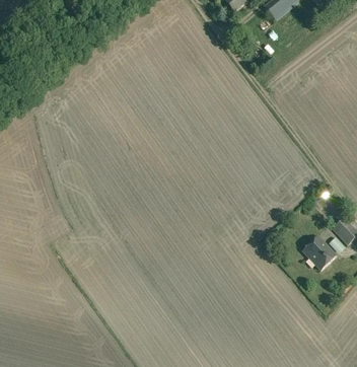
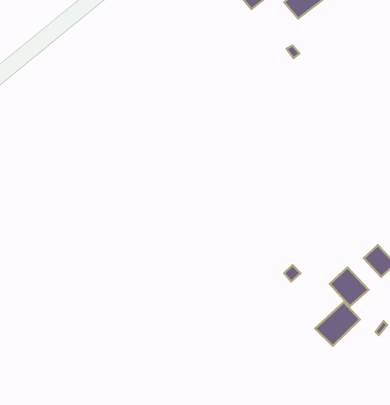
building: none -> [315,302,360,346]

